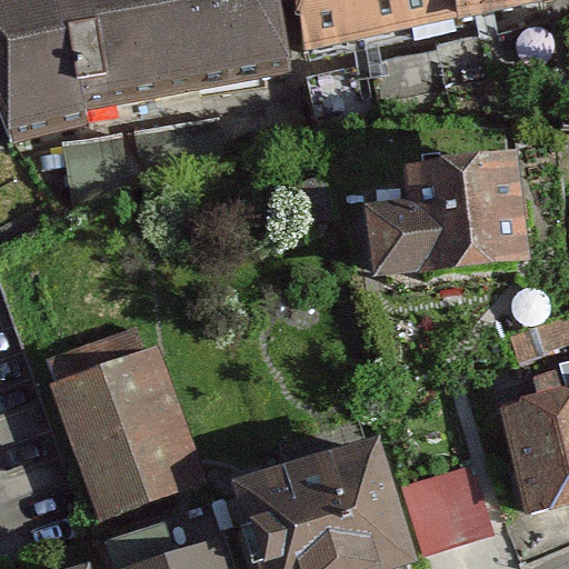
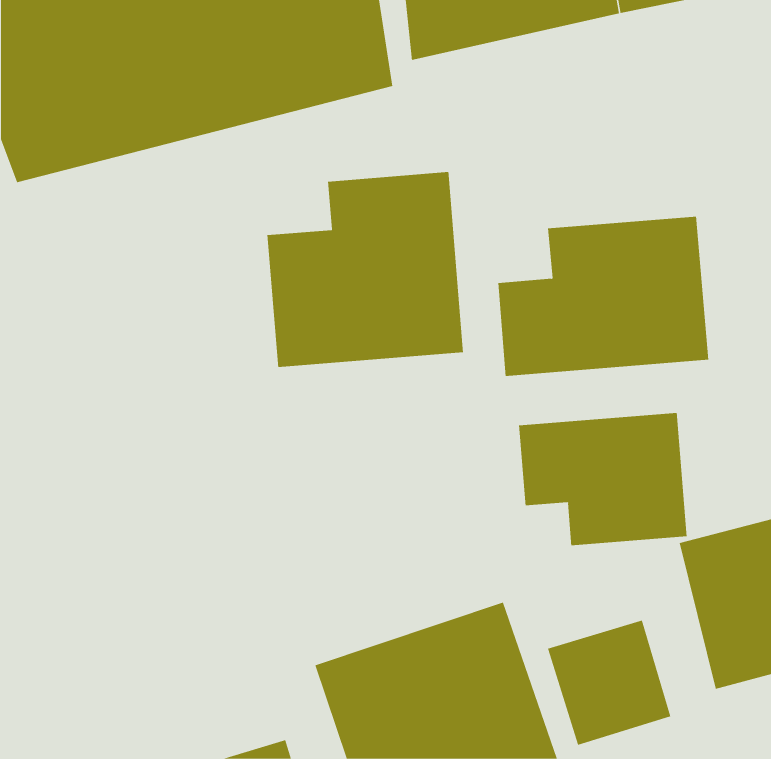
building: none -> [267,171,464,368]
building: none -> [519,412,687,546]
building: [51,348,201,517] -> none

